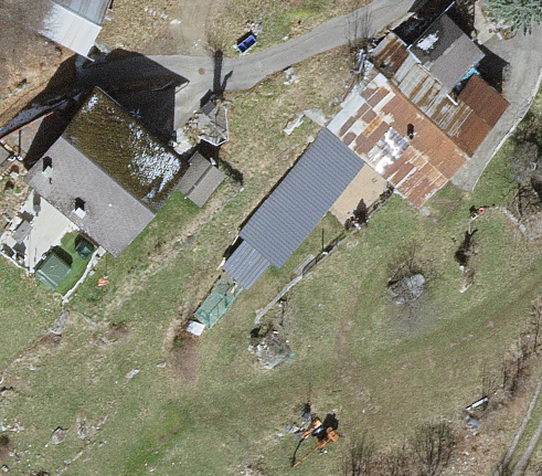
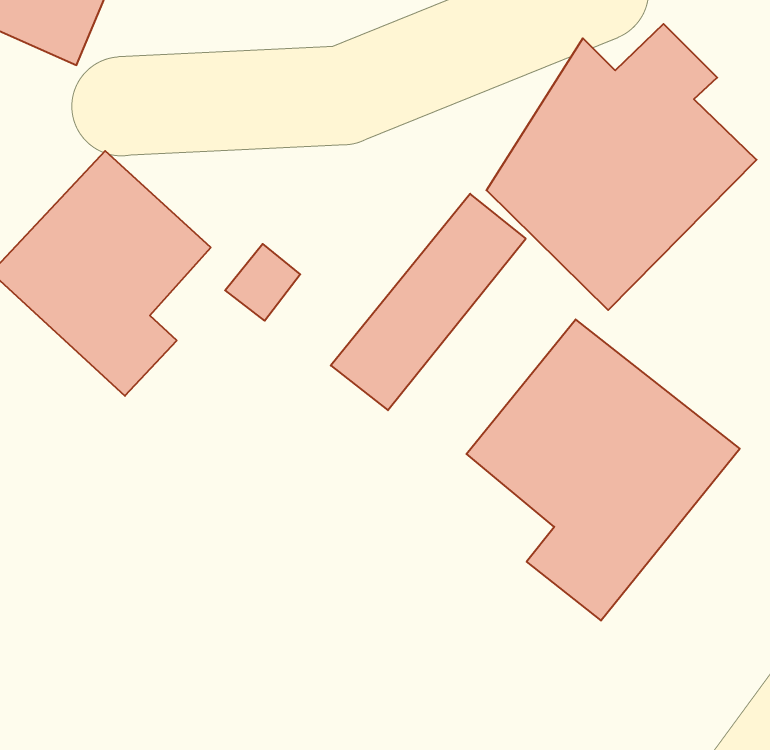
building: none -> [466,319,740,621]

